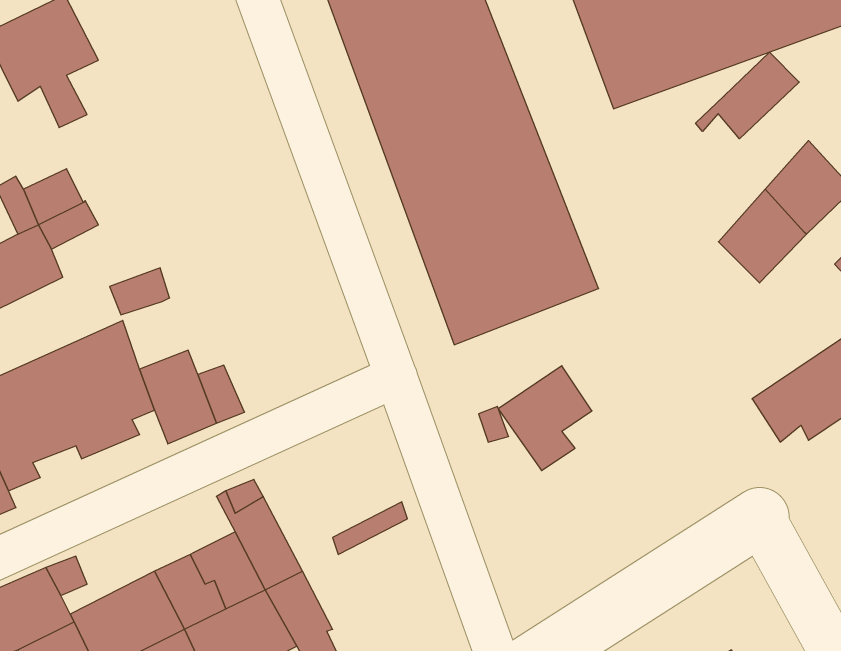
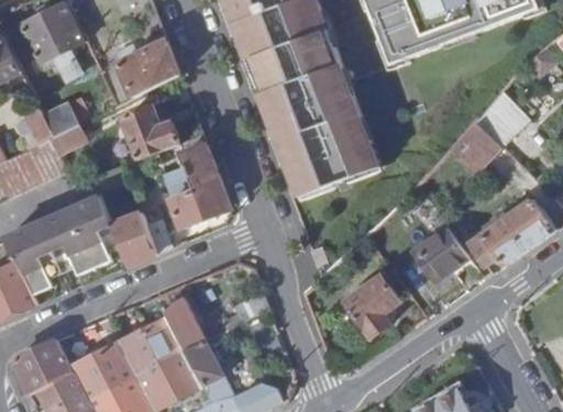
building: [696,52,799,139] -> none
building: none -> [102,38,180,103]
building: none -> [123,104,184,156]
building: none -> [168,144,231,225]
building: [498,366,592,471] -> [347,274,402,335]
building: none -> [412,223,470,278]

